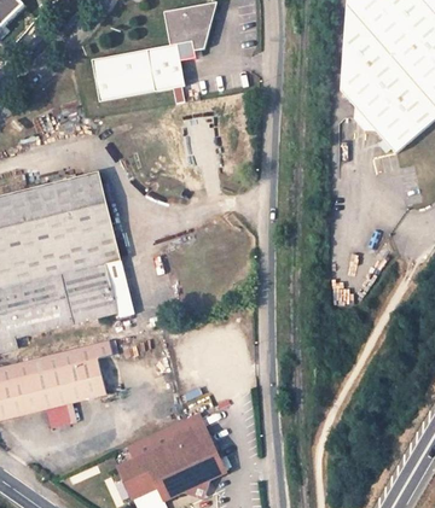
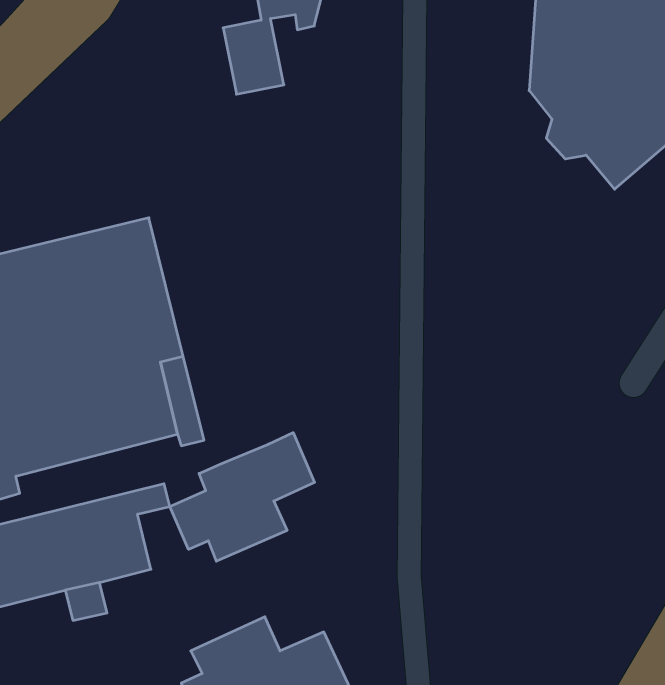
building: [91,51,155,104] -> none
building: none -> [170,433,315,561]
building: [173,413,210,446] -> none

